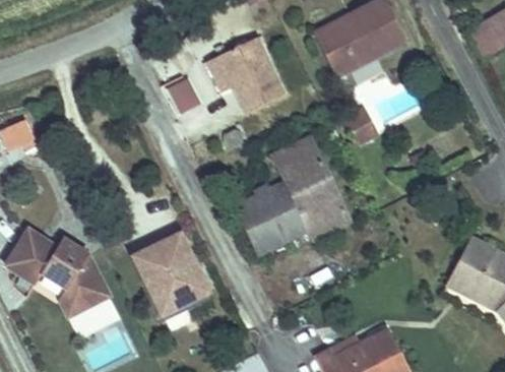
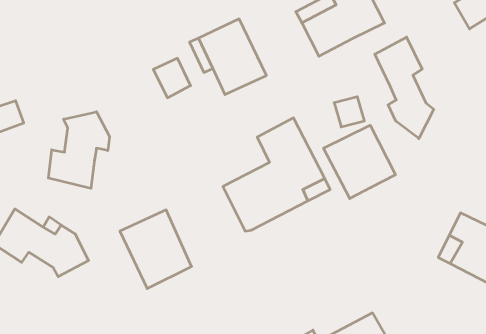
building: none -> [375,37,434,139]
building: none -> [48,112,109,188]
building: none -> [324,125,395,199]
building: [60,283,110,318] -> none

